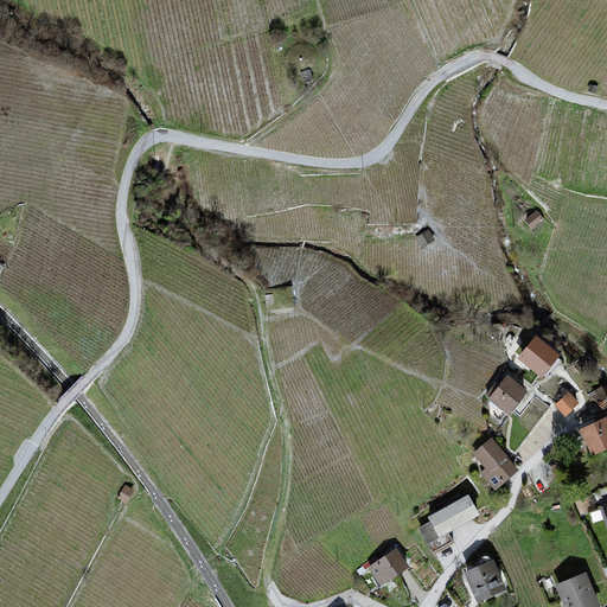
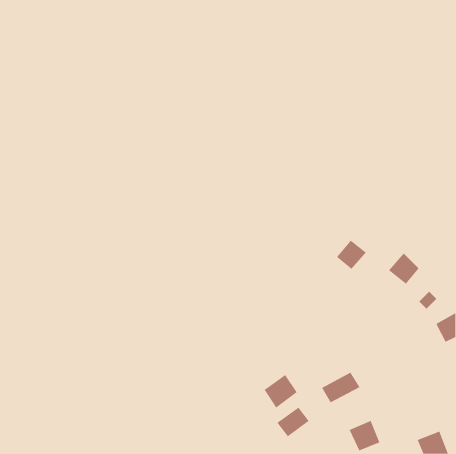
building: [487,376,528,415] -> [336,240,367,269]
building: [472,439,517,483] -> none
building: none -> [264,374,297,408]

